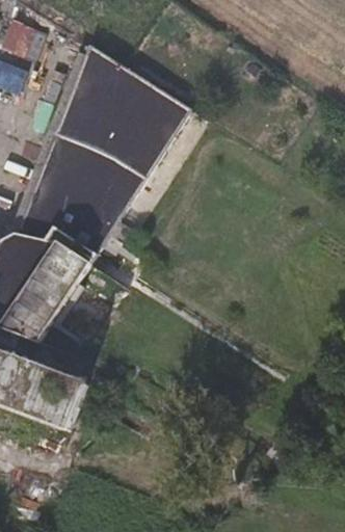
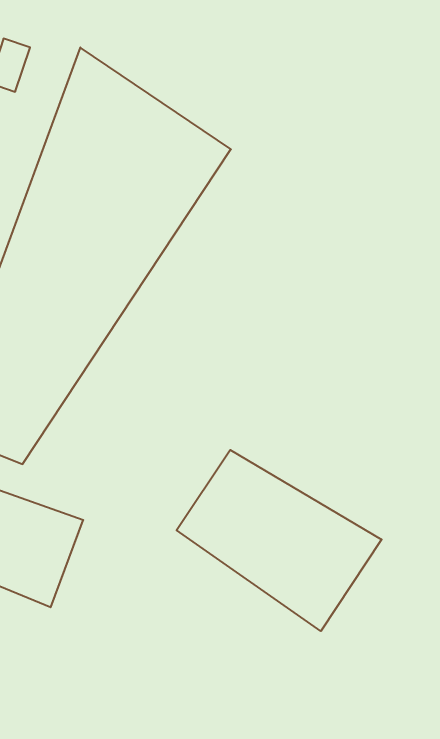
building: none -> [177,450,382,631]

